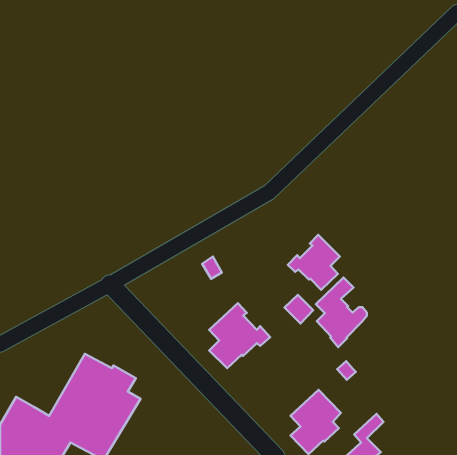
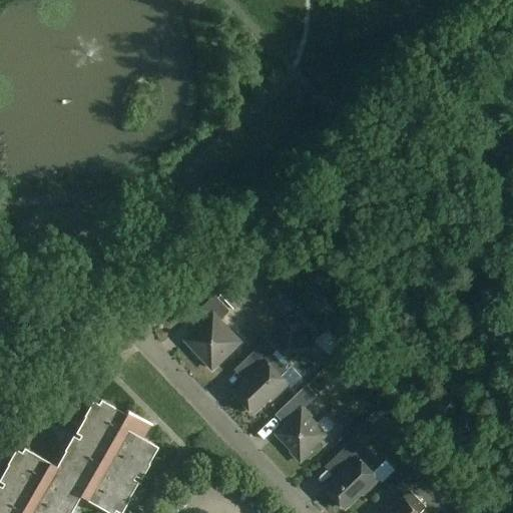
building: [288,235,340,290] -> none
building: none -> [185,297,241,371]
building: [316,278,367,347] -> [276,387,333,465]

